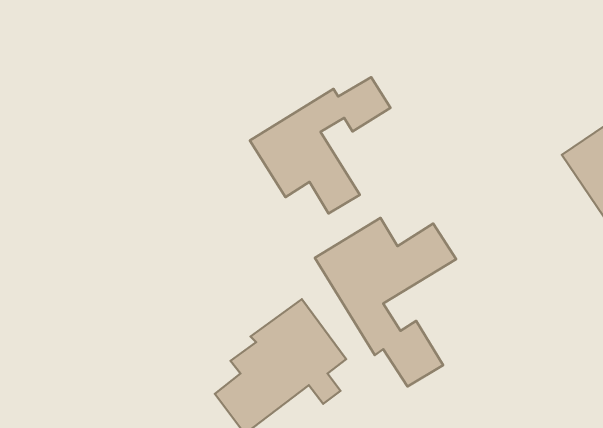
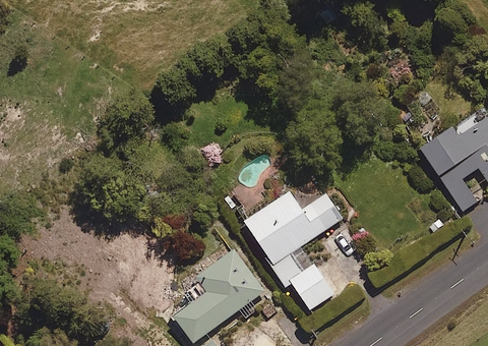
building: [250,77,390,214] -> none

